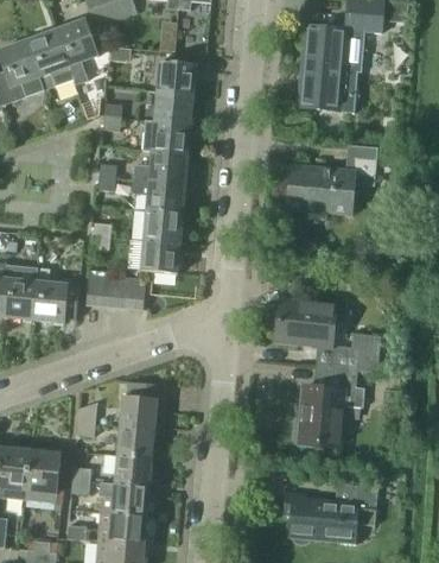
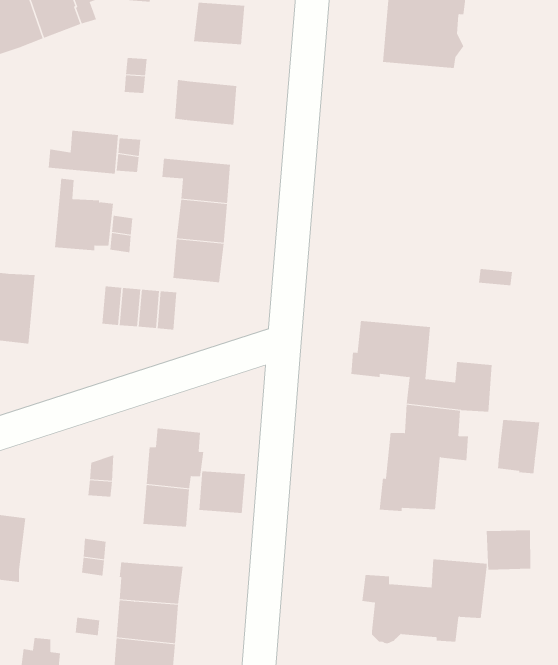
building: [153,91,192,125] -> none
building: [288,145,377,215] -> none
building: [133,151,186,184] -> [48,130,119,174]
building: [32,267,77,322] -> [54,178,114,251]
building: none -> [497,419,540,474]
building: [25,445,62,501] -> none
building: [115,455,151,487] -> [199,471,246,513]
building: none -> [486,530,531,570]

